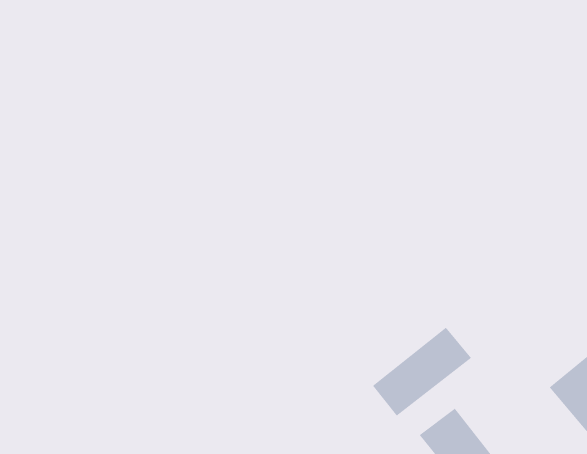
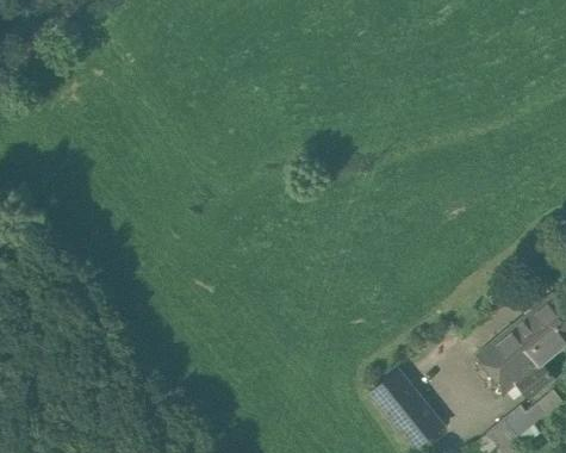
building: [372,327,472,417] -> none

